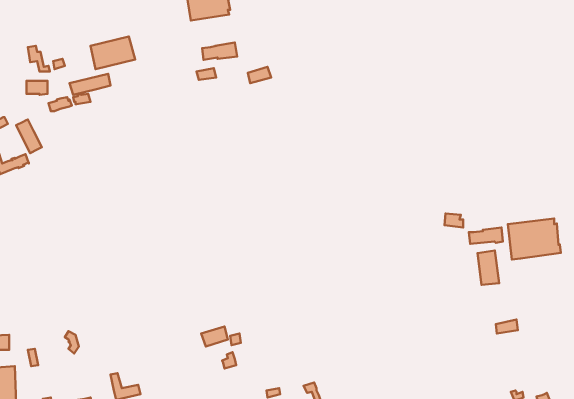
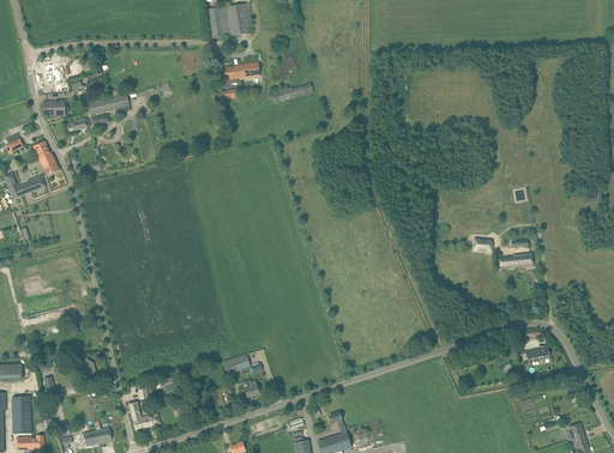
building: [91,37,135,69] -> none
building: [508,218,561,259] -> none
building: [477,250,499,285] -> none

